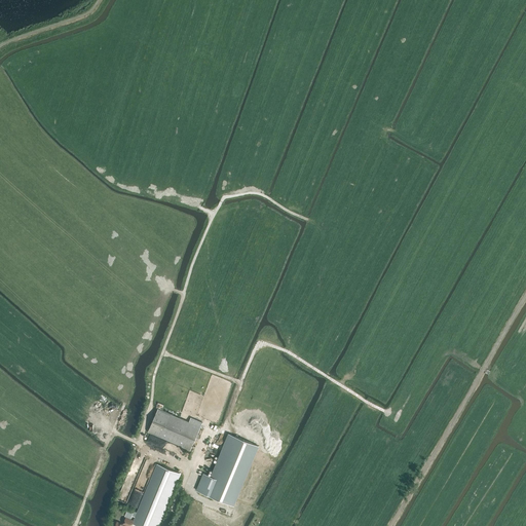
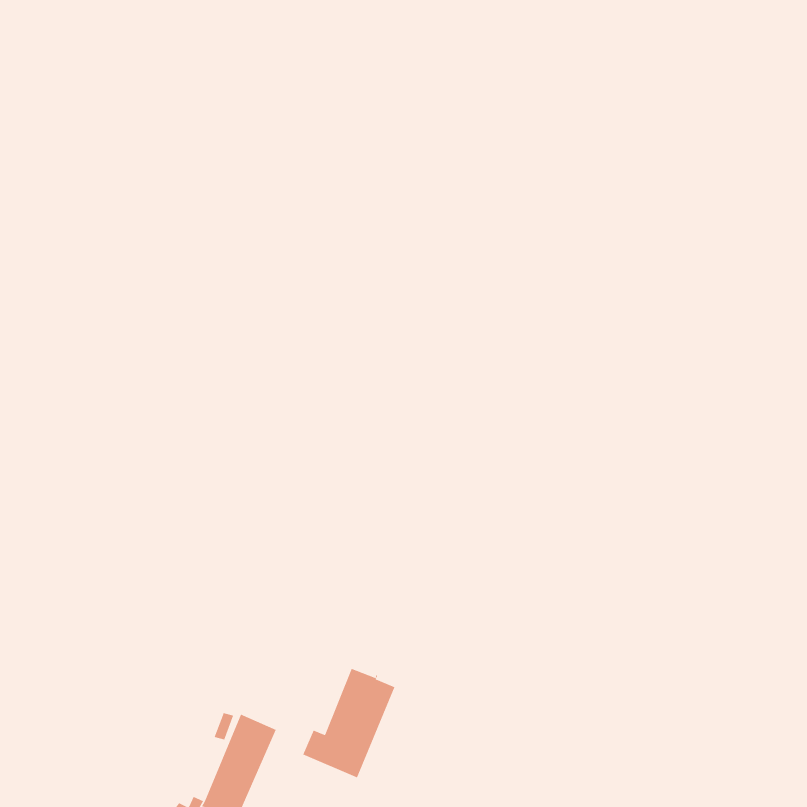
building: [145,409,198,452] -> none

